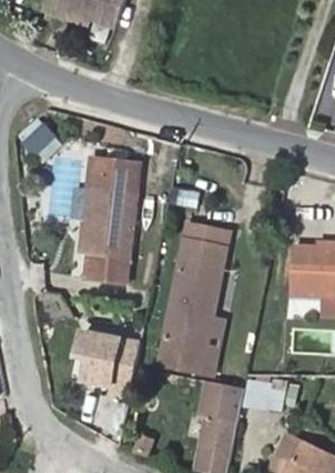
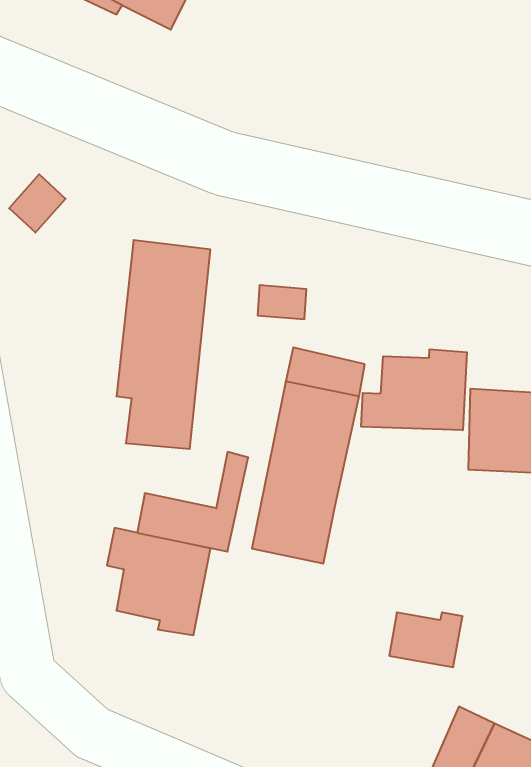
building: none -> [361,349,467,430]
building: [158,318,223,376] -> [137,452,248,552]
building: [197,397,241,462] -> none

